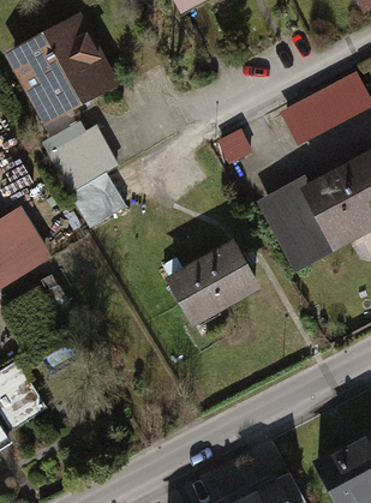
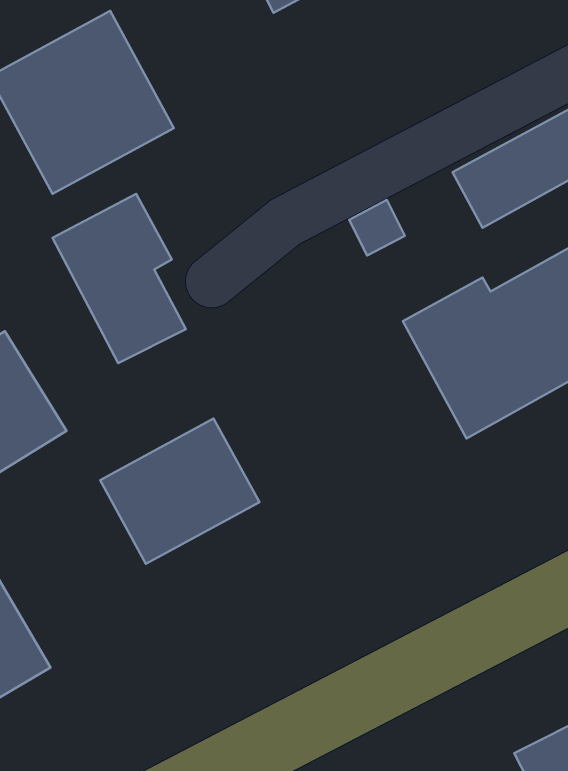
building: [163,239,259,327] -> [100,419,259,564]

